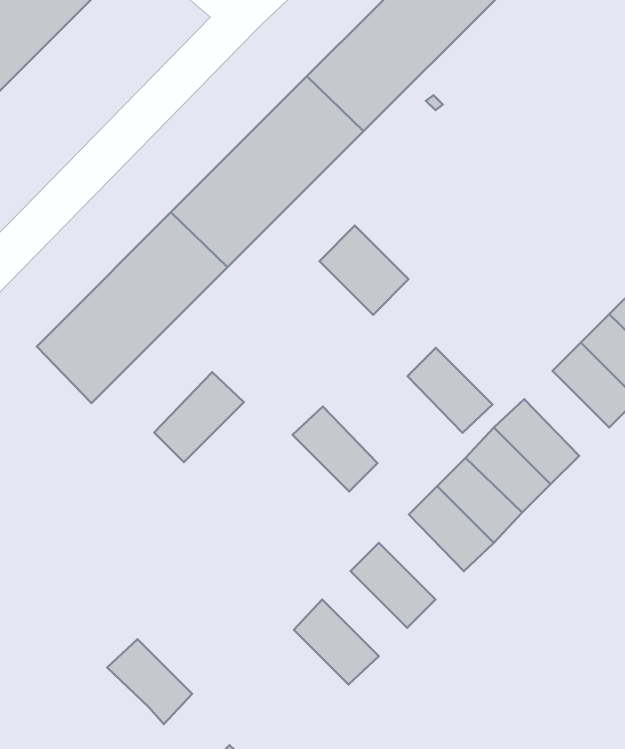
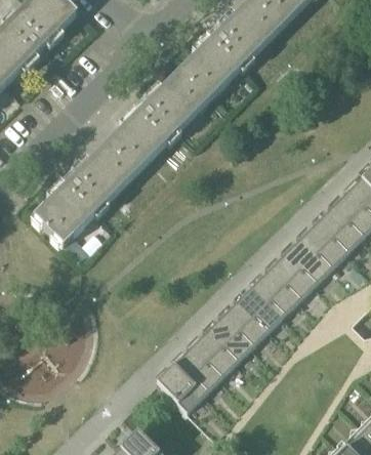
building: [319,226,409,315] -> none
building: [408,348,493,433] -> [298,224,344,271]
building: [154,372,244,462] -> none
building: [293,406,378,491] -> [219,302,265,348]
building: none -> [189,333,235,379]
building: [107,639,192,724] -> [157,365,203,411]

